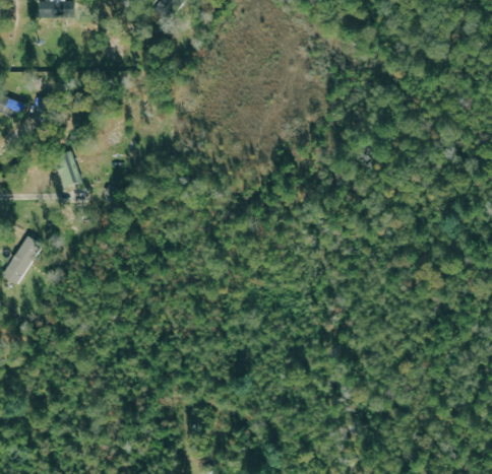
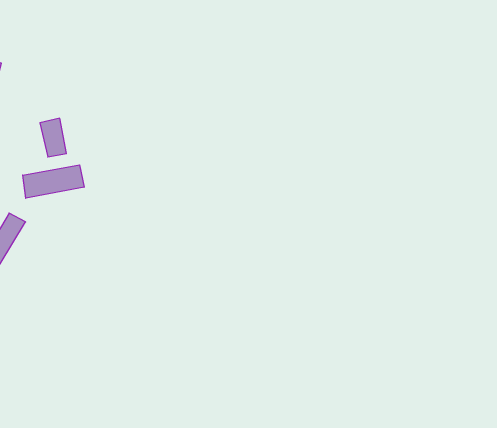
building: none -> [23,165,84,198]

